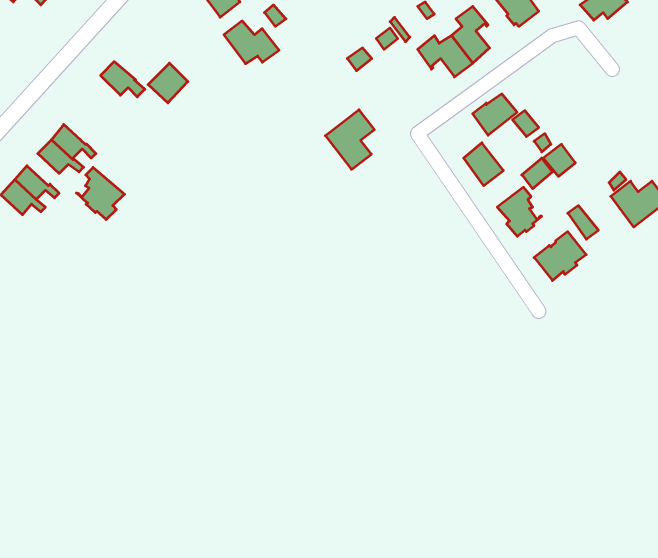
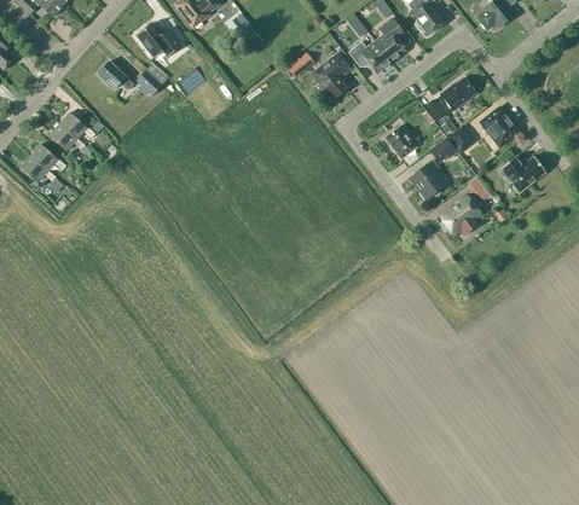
building: [224,21,279,64] -> [137,23,180,57]
building: [473,94,517,135] -> [440,79,475,111]
building: [325,110,374,169] -> [312,53,351,100]
building: none -> [481,109,516,145]
building: [76,167,125,220] -> none

